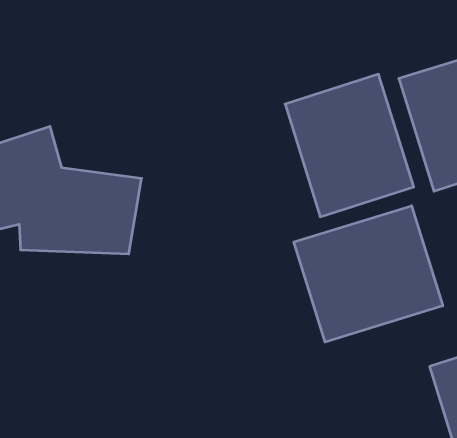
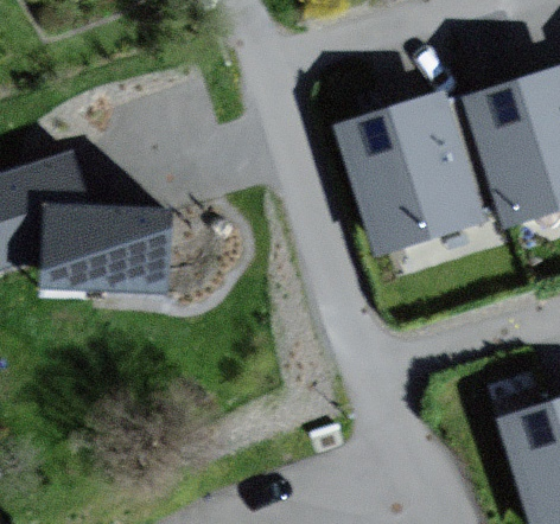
building: [294,206,443,342] -> none

